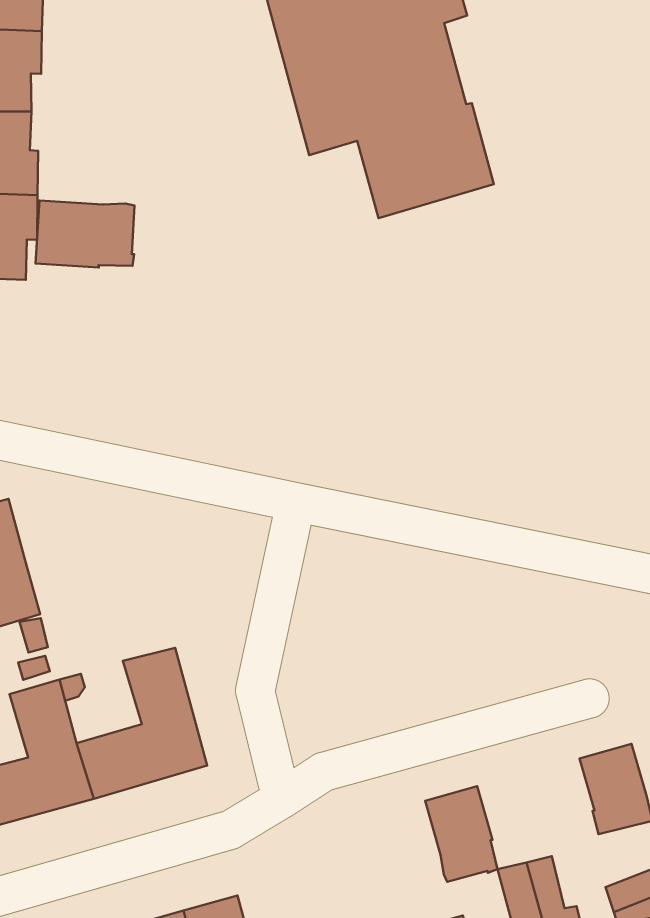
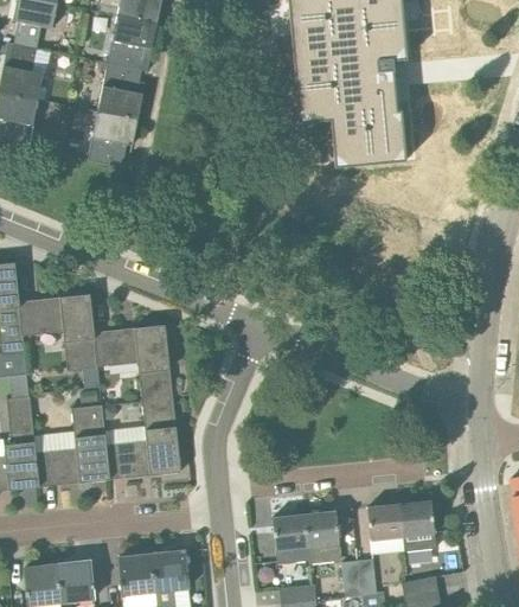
building: [36,200,134,267] -> none
building: none -> [94,325,173,401]
building: none -> [367,504,403,539]
building: none -> [271,513,308,563]

